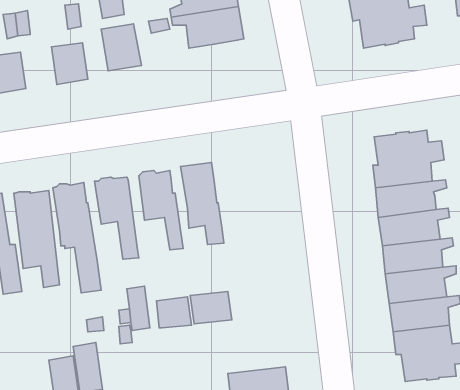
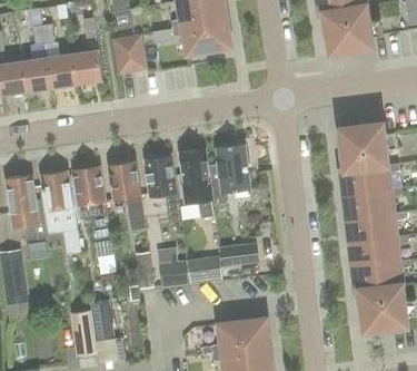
building: none -> [47,53,77,88]
building: none -> [207,144,250,205]
building: none -> [219,242,259,266]

